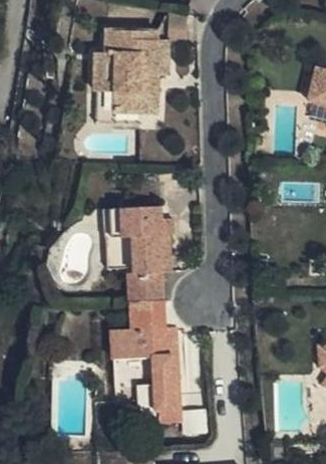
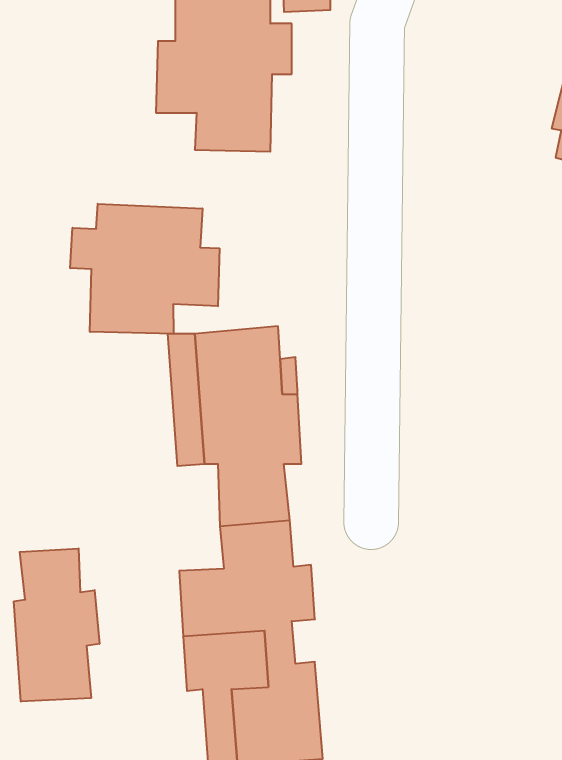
building: none -> [70,204,219,334]
building: none -> [14,548,99,702]

